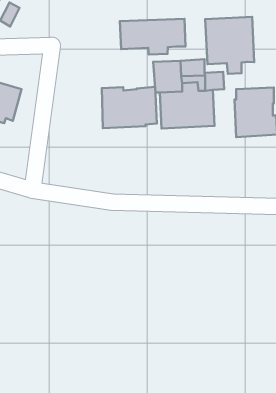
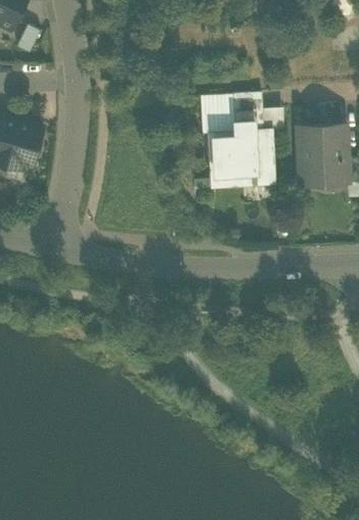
building: [205,17,254,74] -> none
building: [120,19,186,54] -> none
building: [102,87,157,128] -> none

